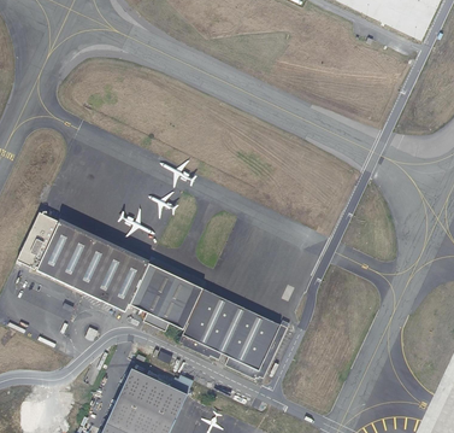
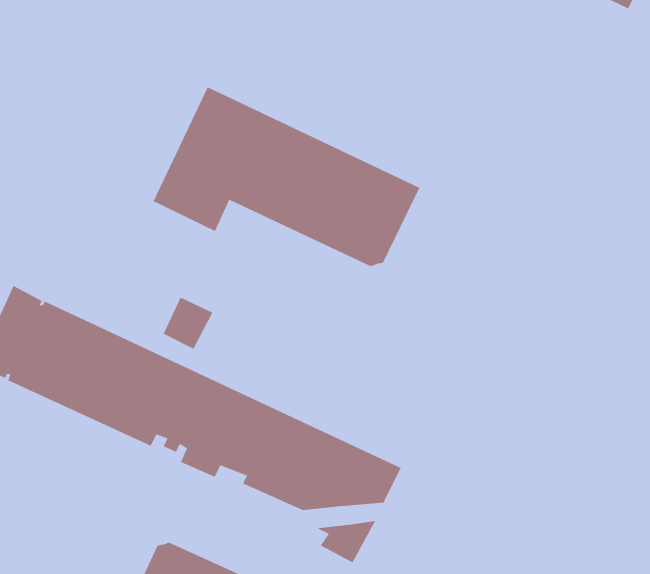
building: none -> [153,86,420,267]

